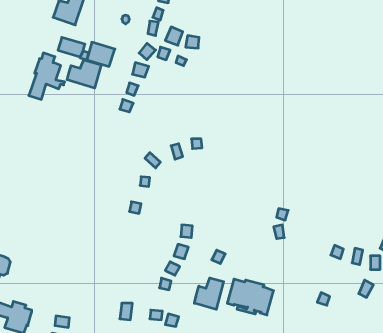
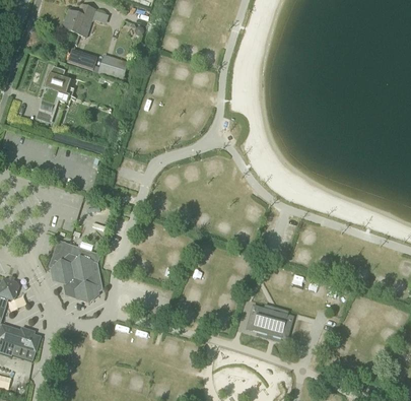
building: [67,60,101,88] -> none
building: none -> [49,240,102,304]
building: [194,278,224,309] -> none

